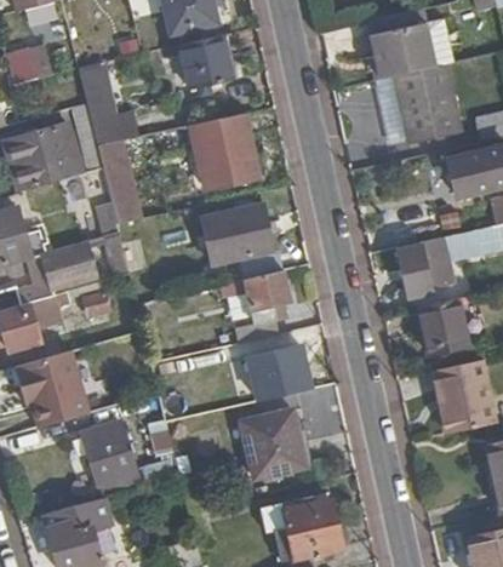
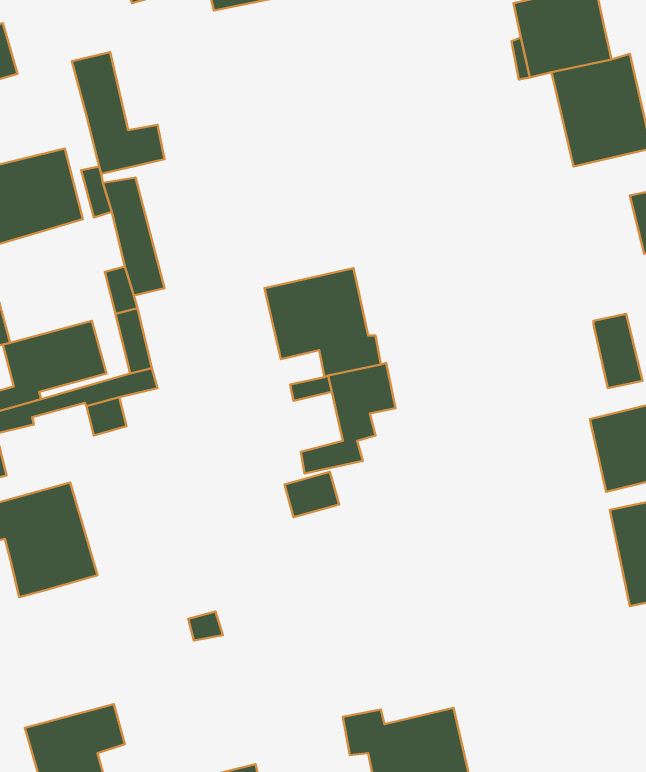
building: [179,34,230,87] -> none
building: [194,119,257,193] -> none
building: [399,245,434,298] -> none
building: [264,346,313,399] -> none
building: [239,409,303,480] -> none
building: [85,422,137,491] -> none

